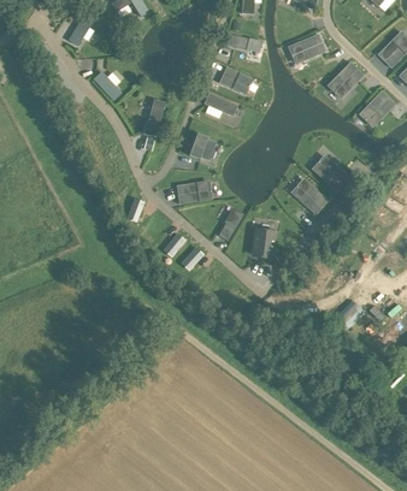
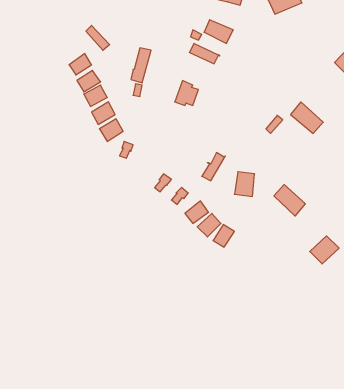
building: [329,63,362,96] -> none
building: [293,179,326,213] -> [274,185,305,216]
building: [177,181,211,202] -> none

